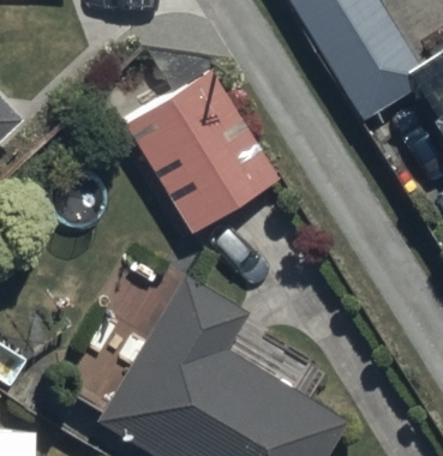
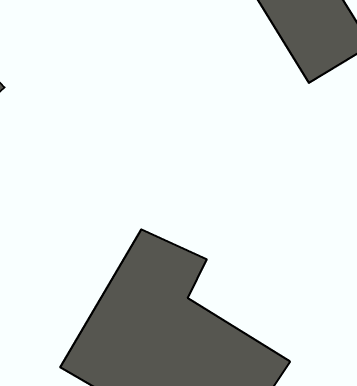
building: [120,65,269,226] -> none

